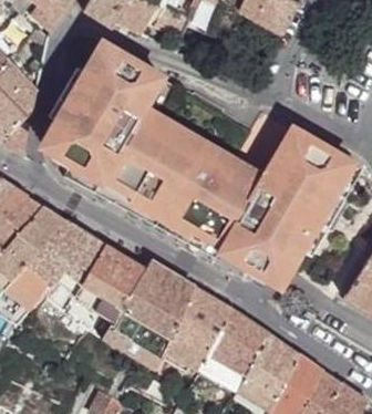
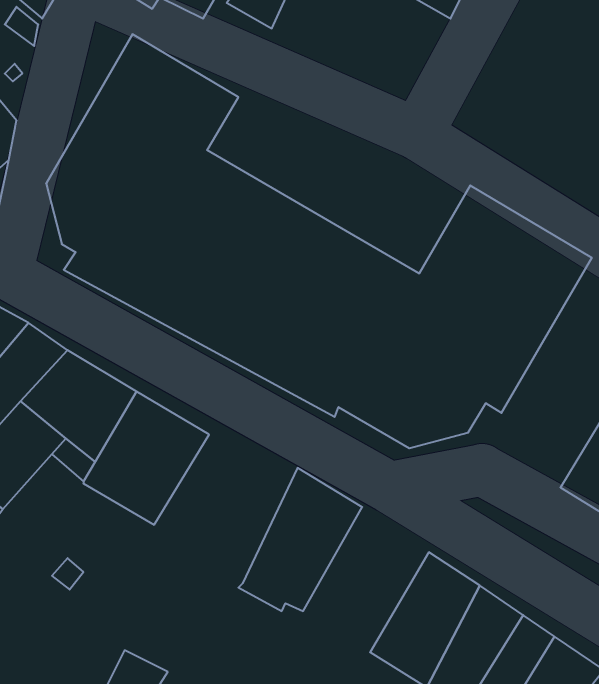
building: [101,259,195,366] -> none
building: [198,308,269,390] -> none

